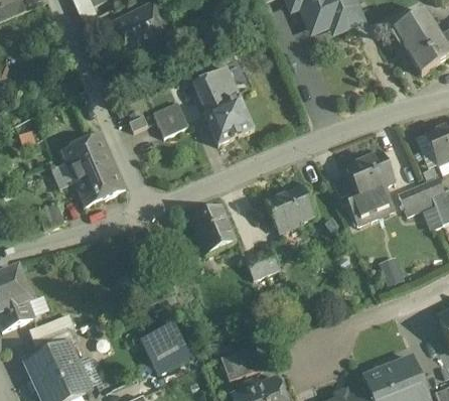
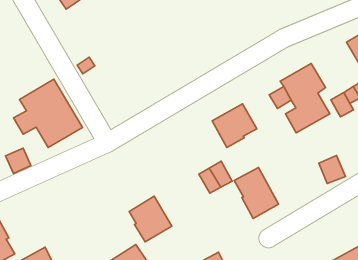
building: [192,65,254,144] -> none
building: [154,102,188,136] -> none
building: [191,205,236,253] -> [129,196,172,242]
building: none -> [234,168,279,219]

